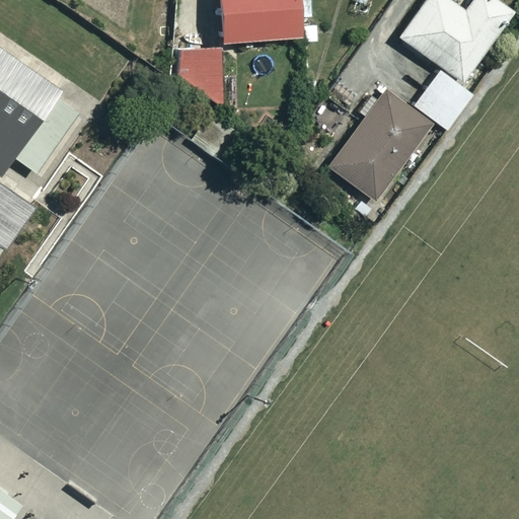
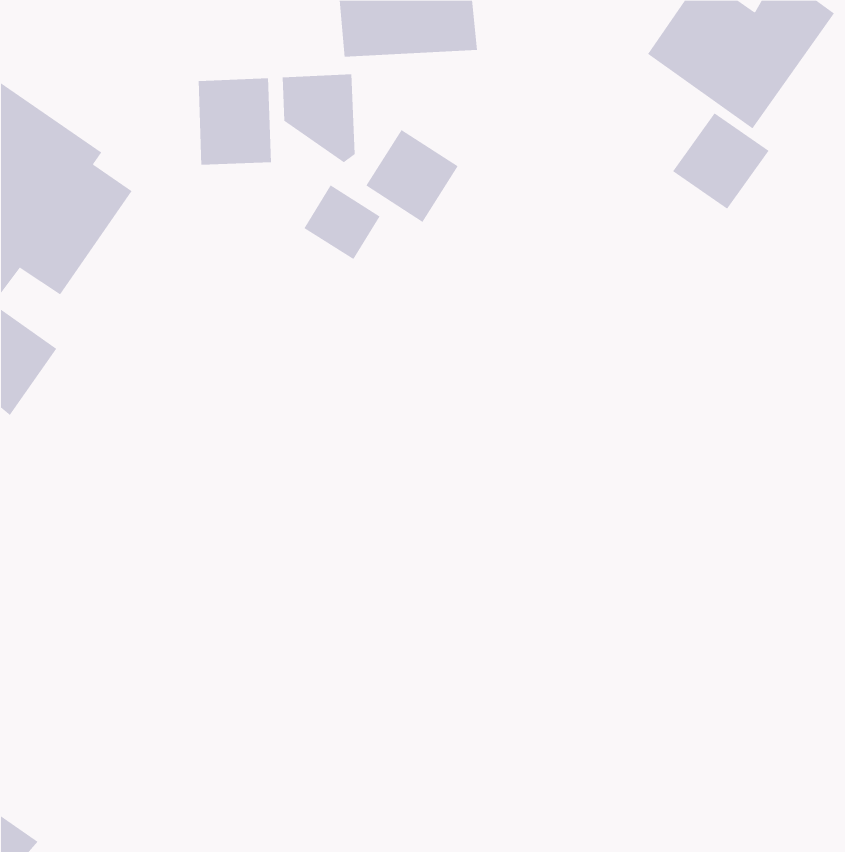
building: none -> [198,78,271,166]
building: none -> [365,129,458,223]
building: [327,89,431,201] -> none

